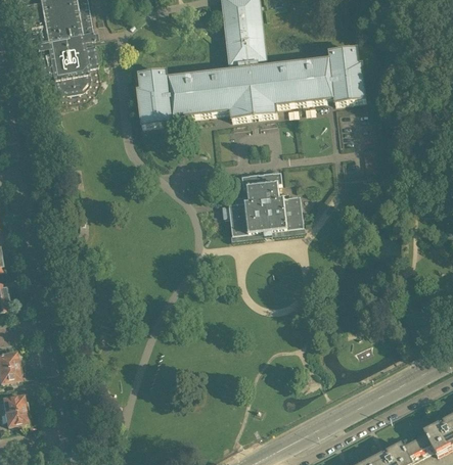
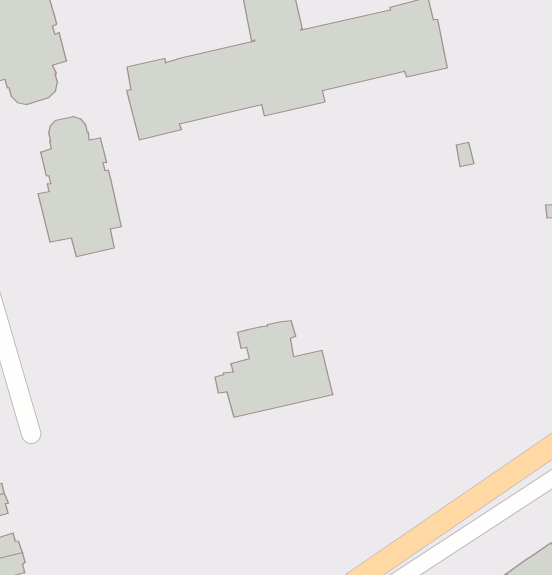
building: none -> [38,116,121,257]
building: [222,171,304,234] -> [215,321,333,417]

